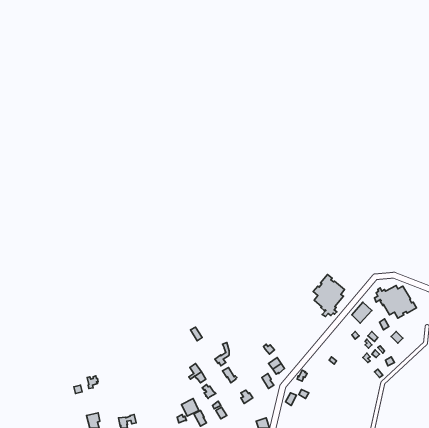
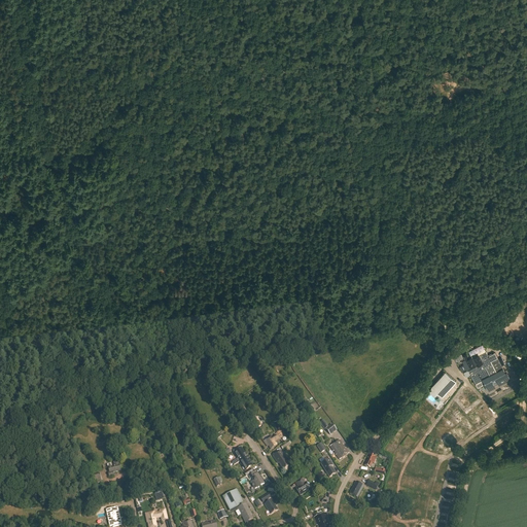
building: [313,274,344,317] -> none

